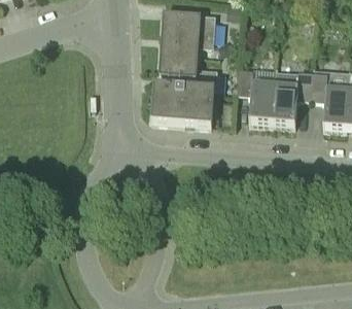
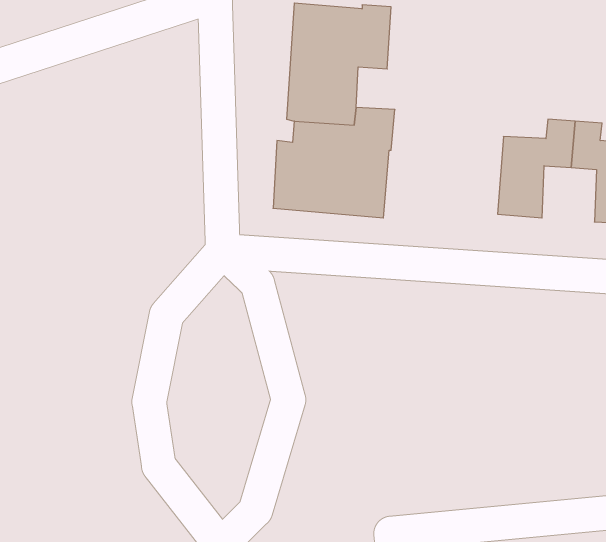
building: [227,67,275,123] -> none

